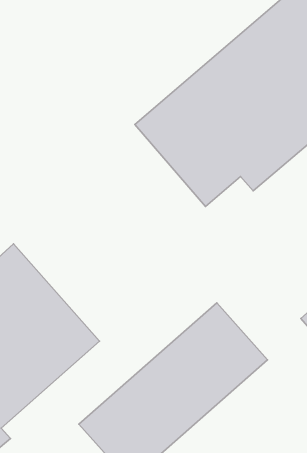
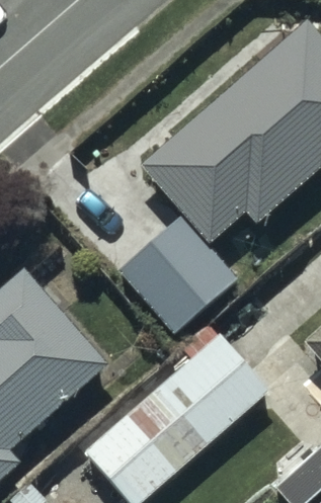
building: none -> [116,213,234,330]

